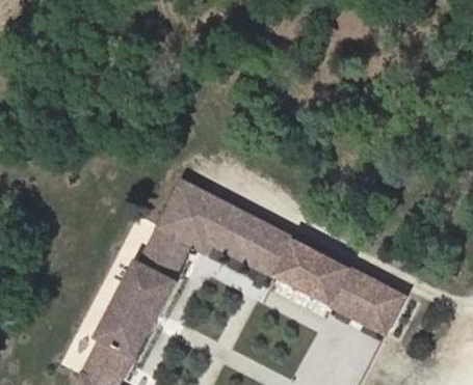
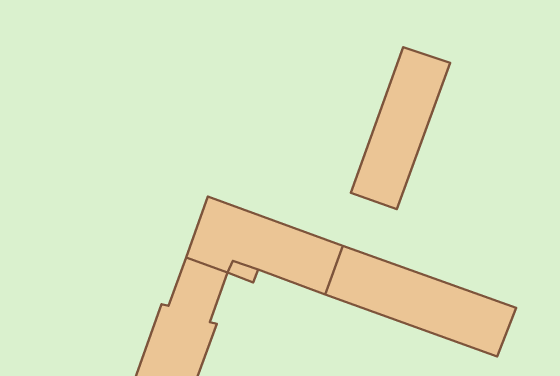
building: none -> [351,47,450,209]

